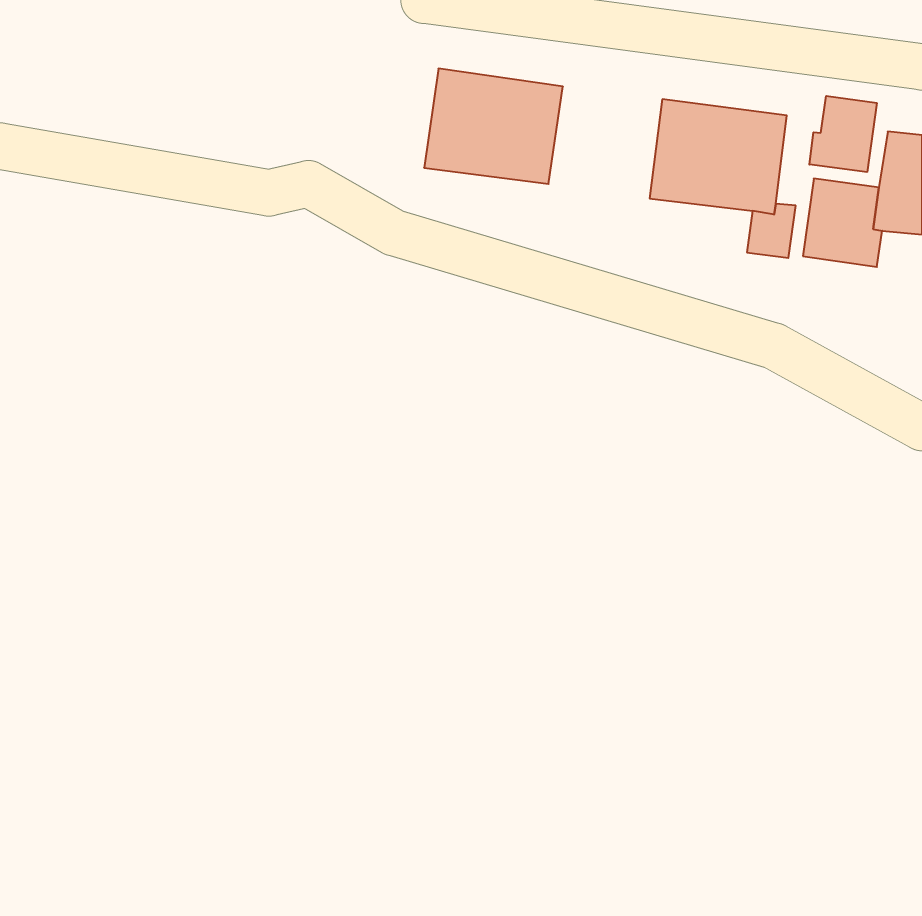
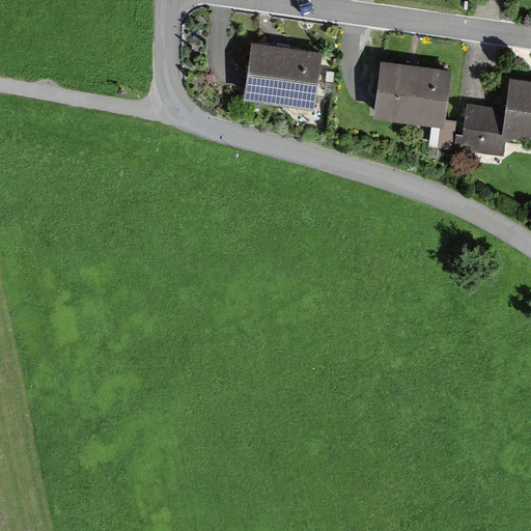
building: [809,96,877,172] -> none

